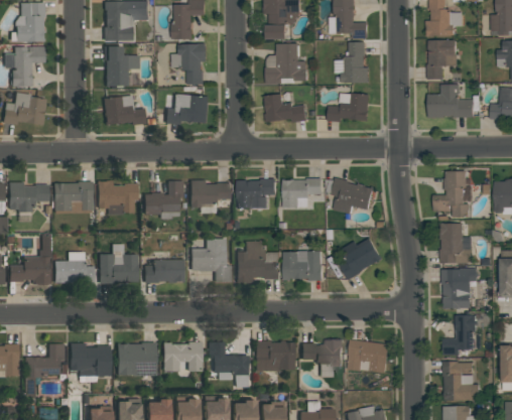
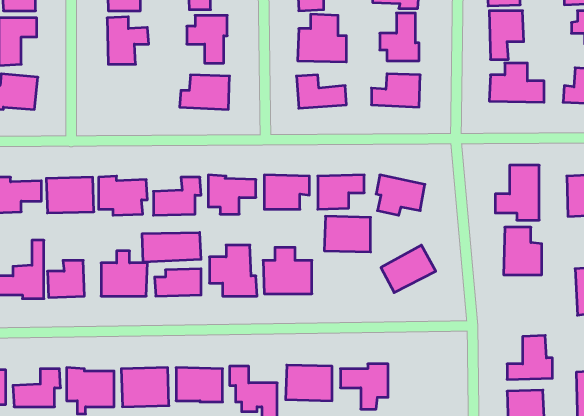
building: [104,96,146,125] -> none
building: none -> [142,232,201,262]
building: [283,251,323,281] -> [324,216,371,252]
building: [443,269,478,309] -> none
building: [349,341,389,373] -> none

